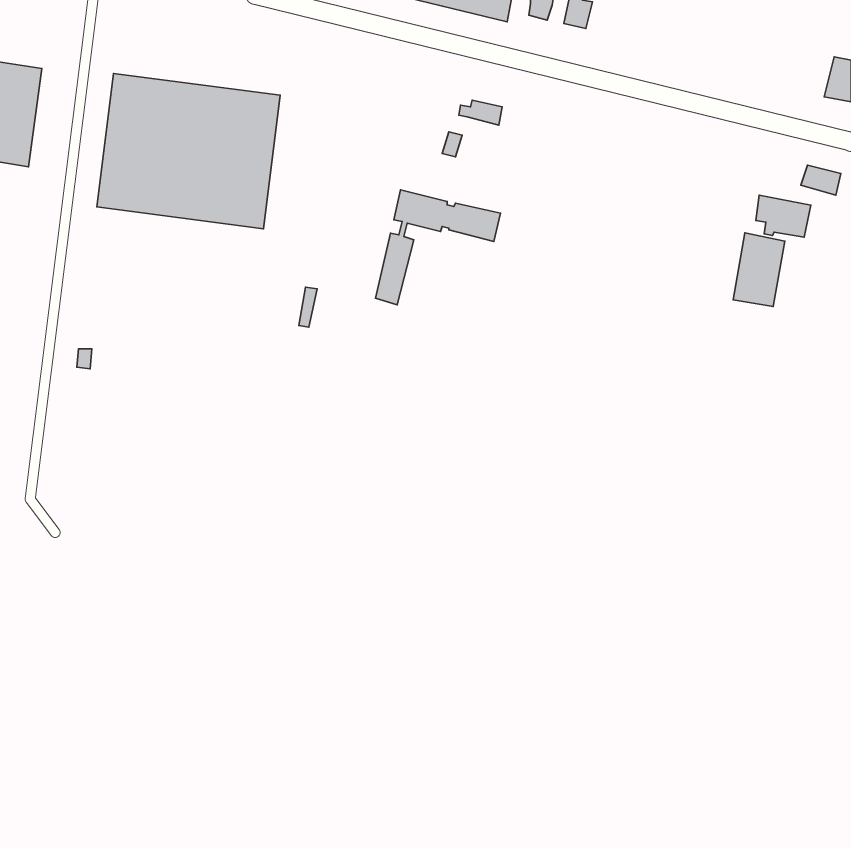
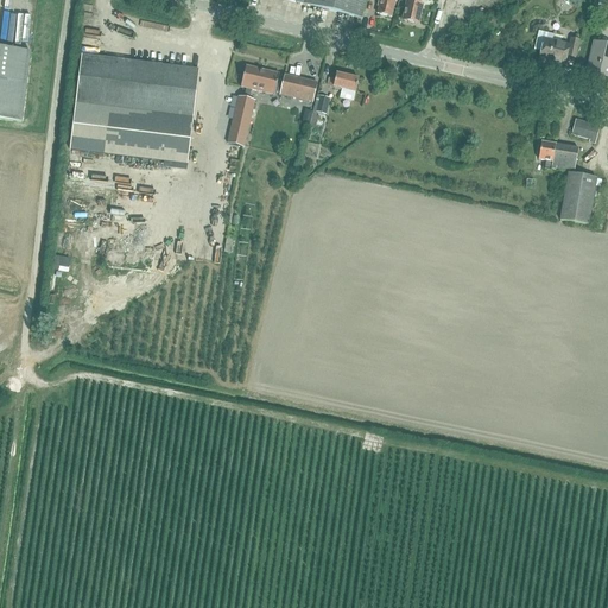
building: none -> [533,27,578,63]
building: [375,190,501,305] -> [227,63,316,145]
building: [733,233,785,306] -> [558,170,595,222]

